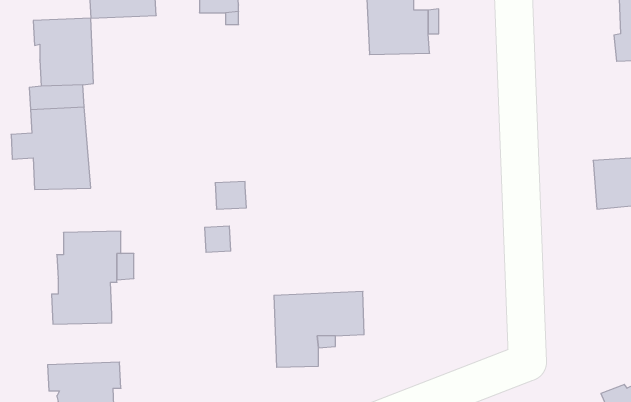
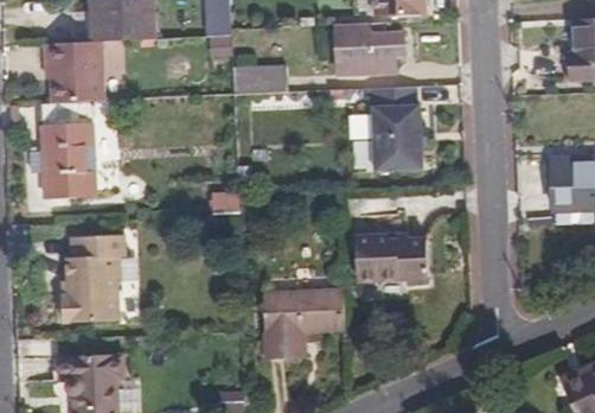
building: none -> [231,68,287,94]
building: none -> [375,108,428,177]
building: none -> [354,234,426,280]

